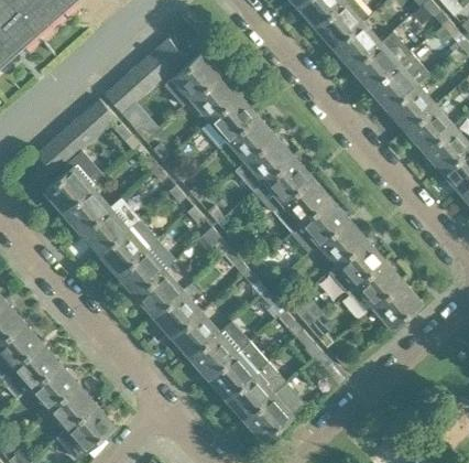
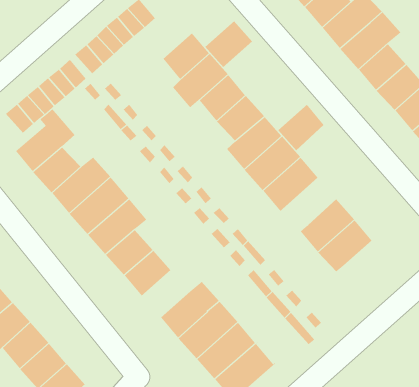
building: [173,52,221,99] -> [204,21,253,68]
building: [318,218,366,266] -> [277,104,325,151]
building: [373,281,421,327] -> none
building: [171,311,219,358] -> none

